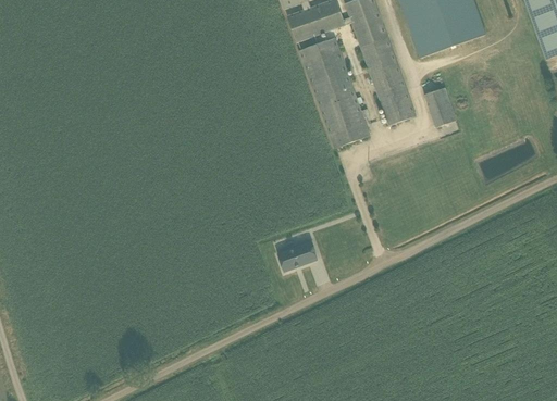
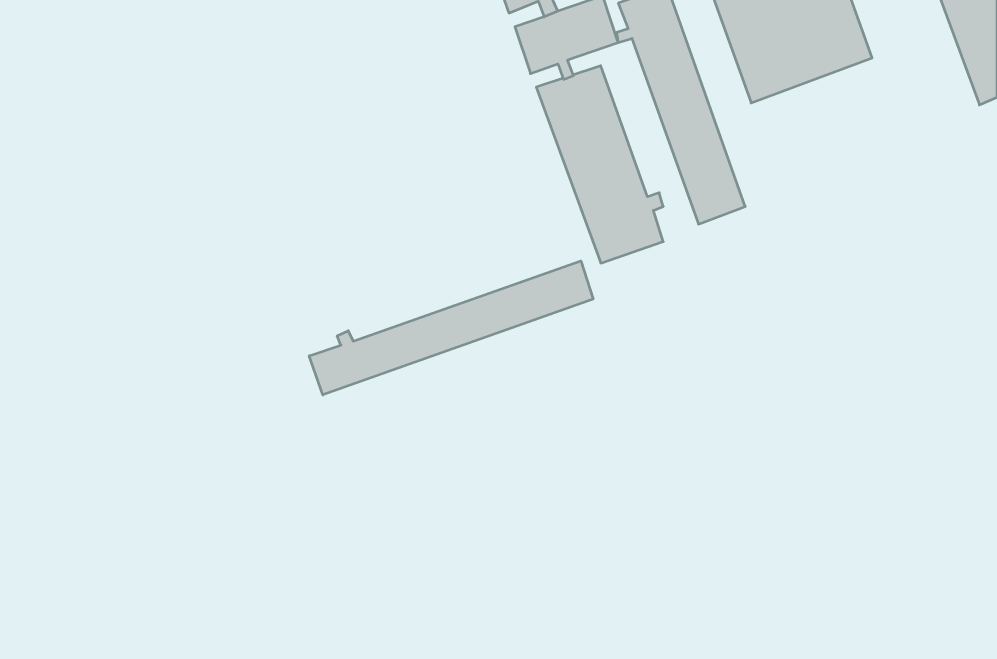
building: [424,87,457,127] -> none
building: none -> [309,261,593,395]
building: [277,241,318,271] -> none

